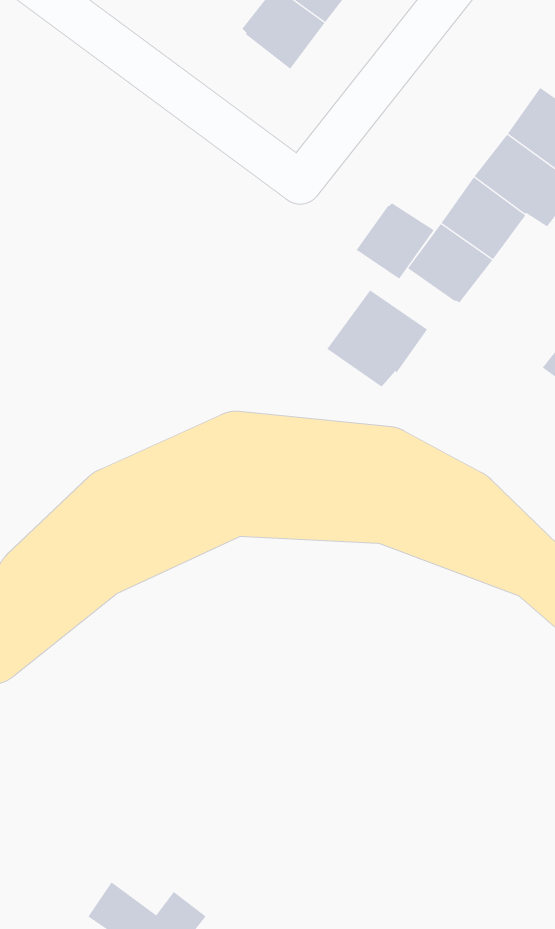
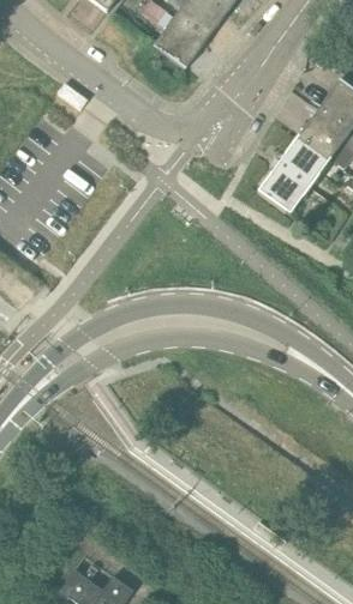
building: [356,202,435,280] -> none
building: [327,289,428,387] -> none

